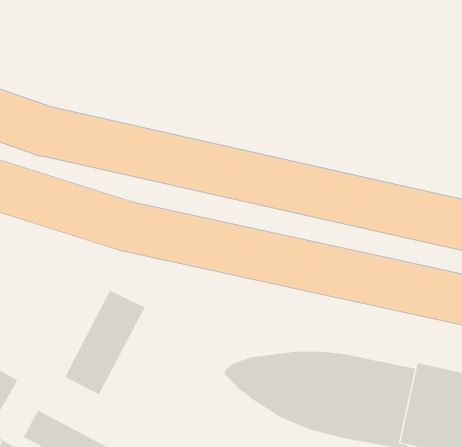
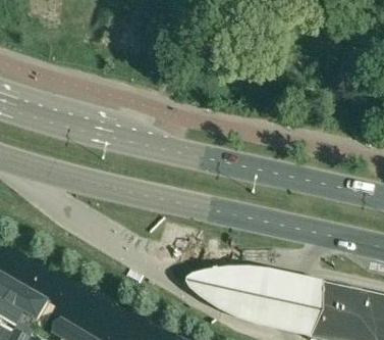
building: [64,289,146,396] -> none

